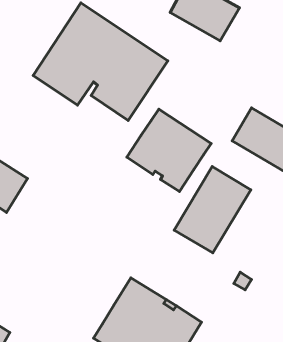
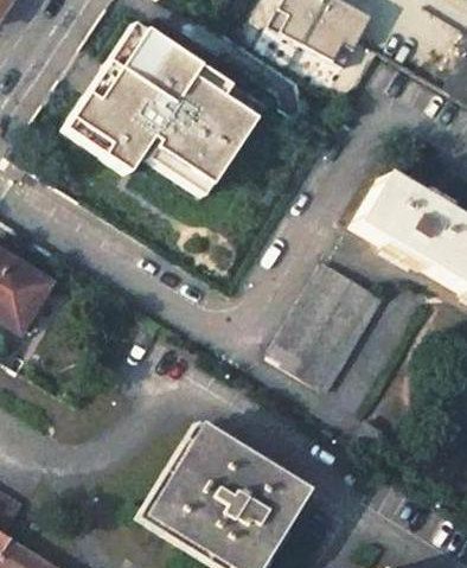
building: [127,109,211,191] -> none

